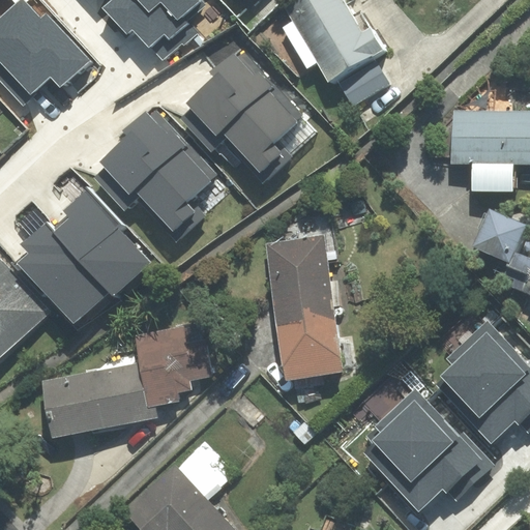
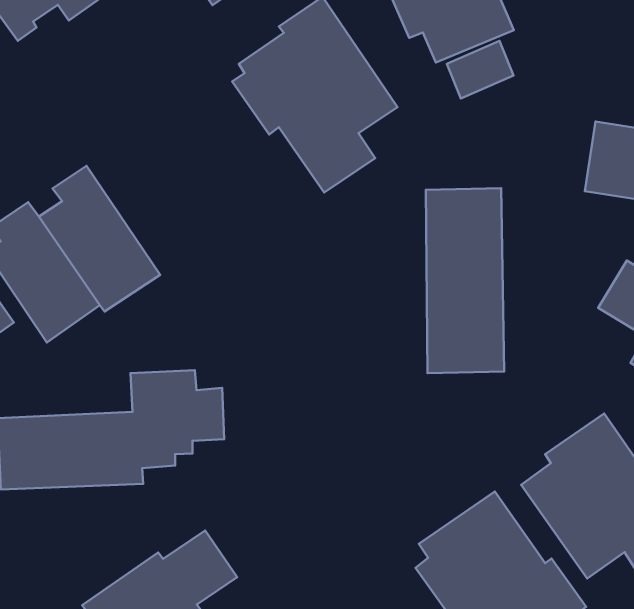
building: [94,110,217,243] -> none
building: [267,236,342,378] -> [426,188,504,373]

